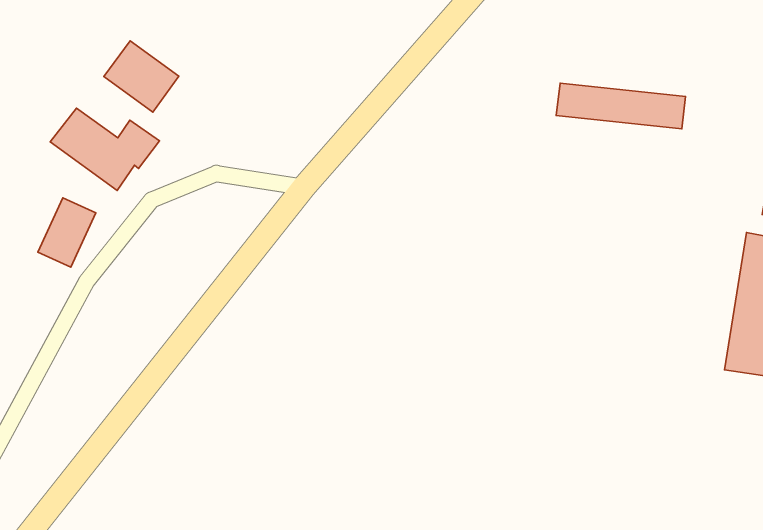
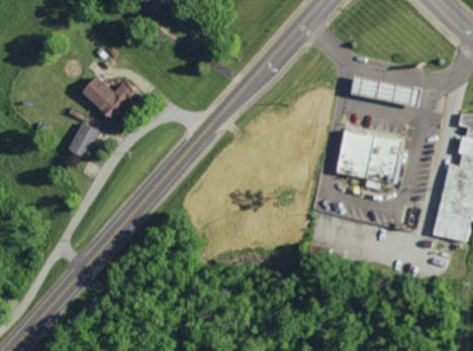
building: [104,41,179,112] -> none
building: none -> [336,130,401,184]

